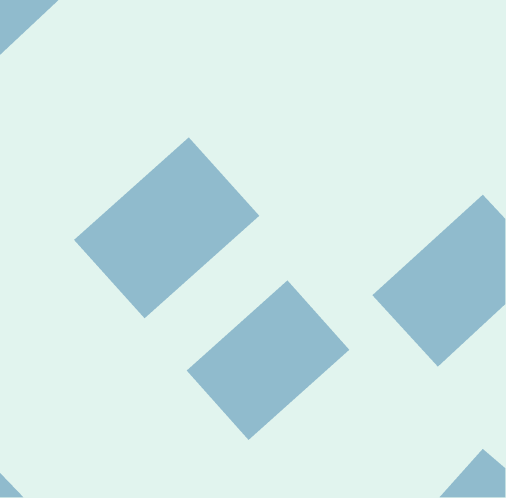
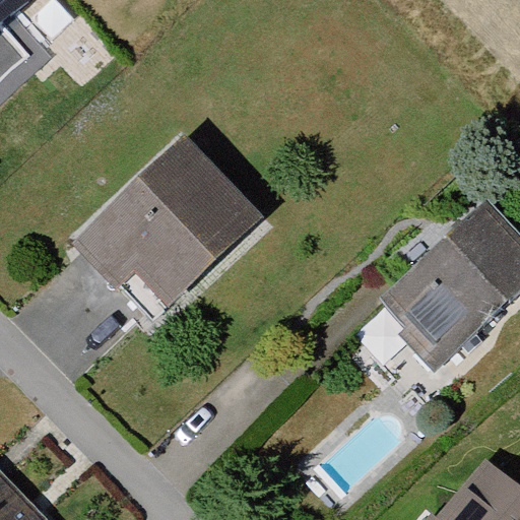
building: [186,280,350,441] -> none

